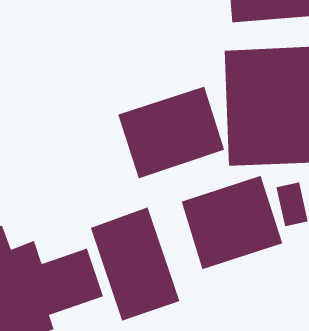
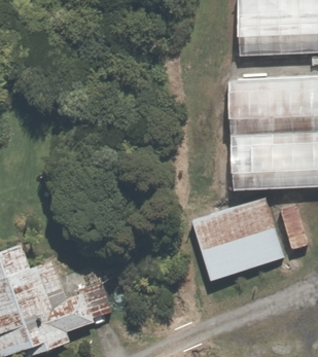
building: [118,86,225,179] -> none
building: [90,206,180,322] -> none

